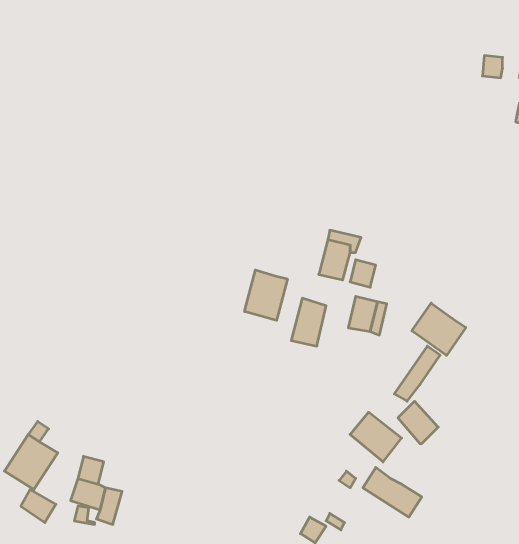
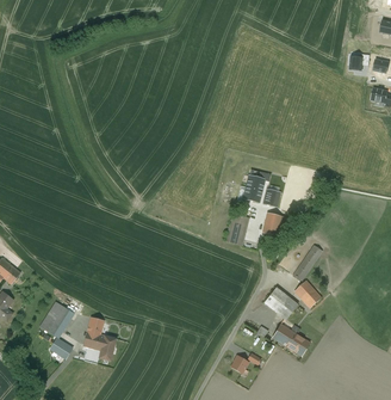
building: [245,270,287,320] -> none
building: [412,303,466,355] -> none

